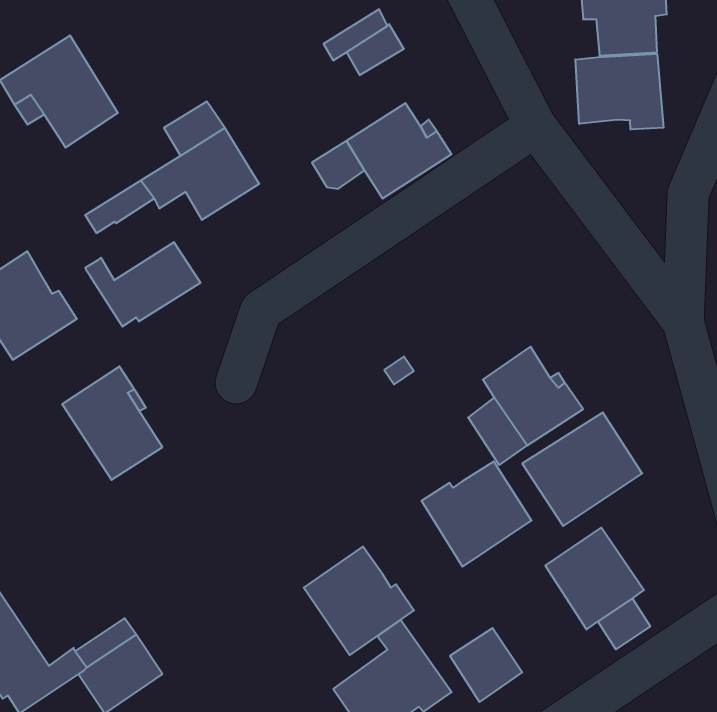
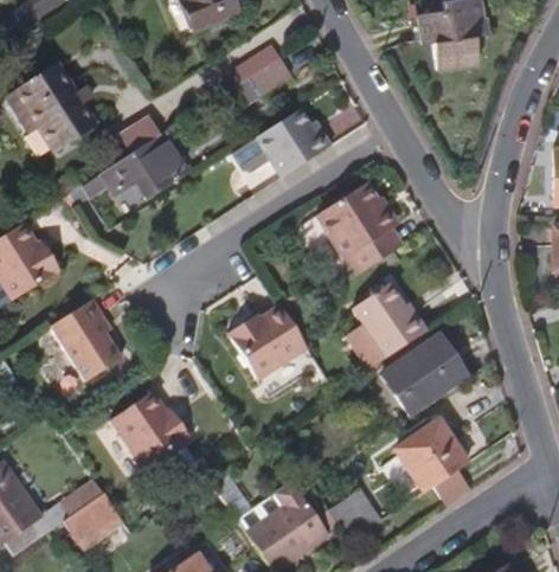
building: [575,54,663,130] -> none
building: none -> [316,185,401,276]
building: [85,242,200,327] -> none
building: [421,461,532,567] -> [226,304,306,380]
building: [304,546,414,655] -> [113,392,192,470]

